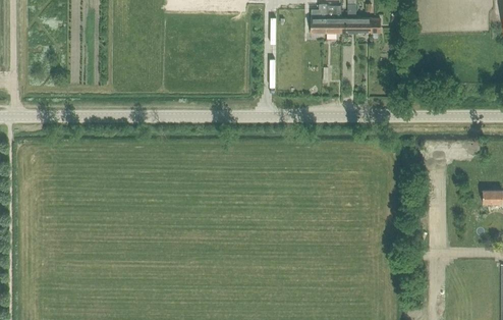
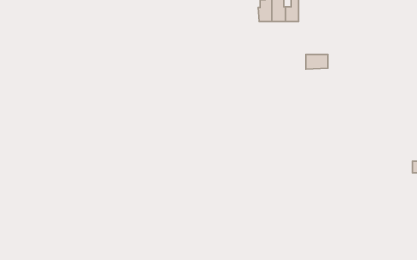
building: [356,17,381,34] -> [306,54,328,69]

